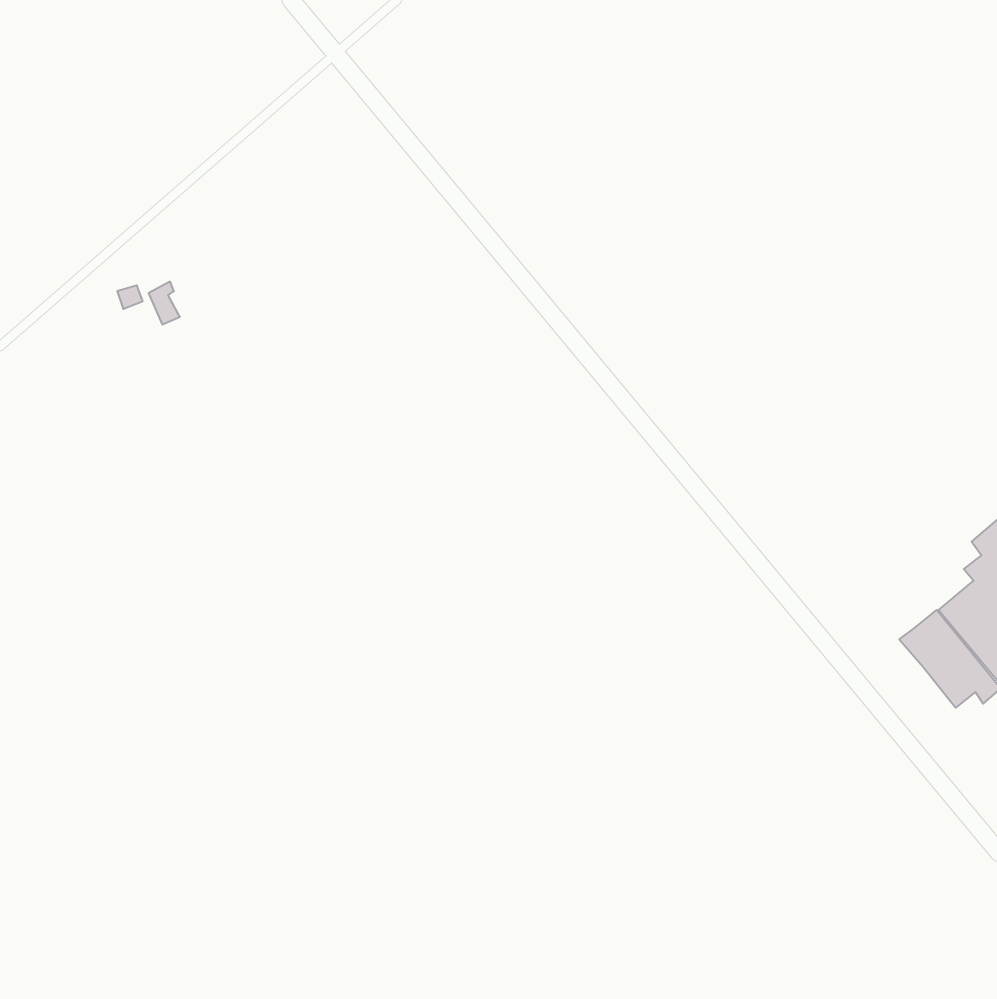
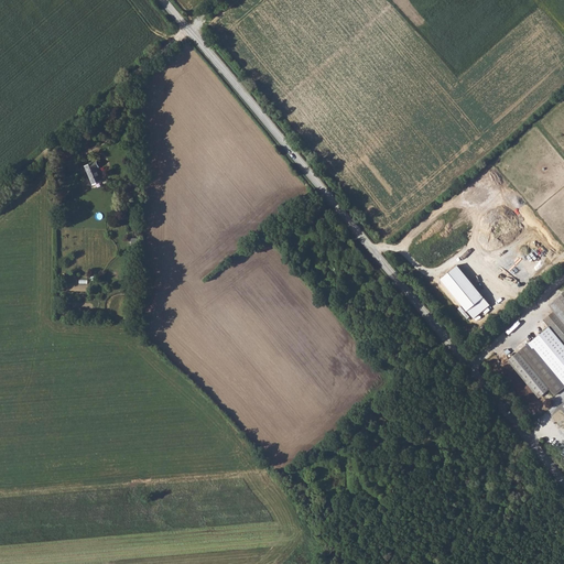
building: none -> [441,267,491,321]

